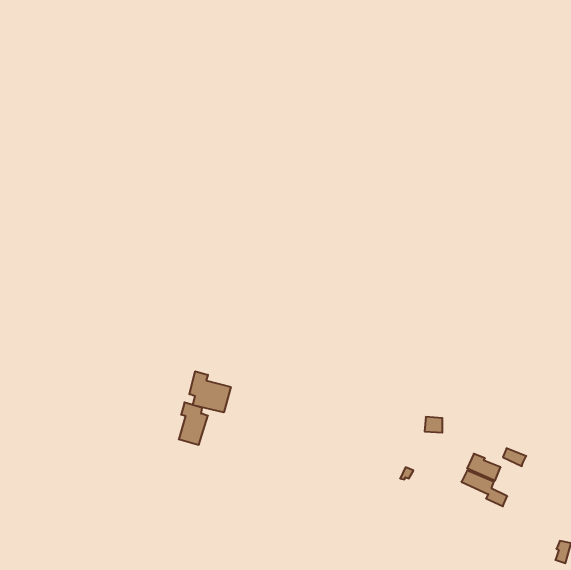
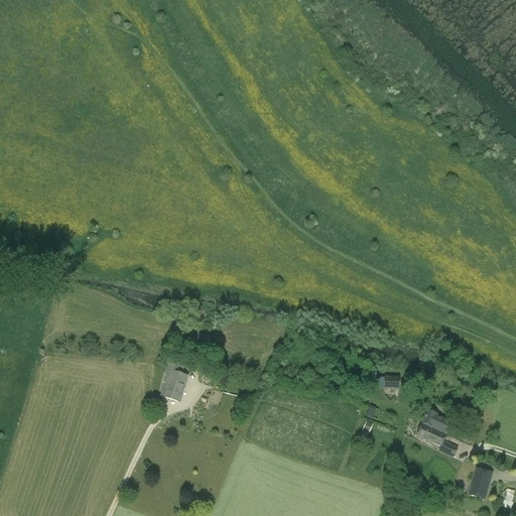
building: [189,371,231,412] -> none
building: none -> [469,468,492,499]

